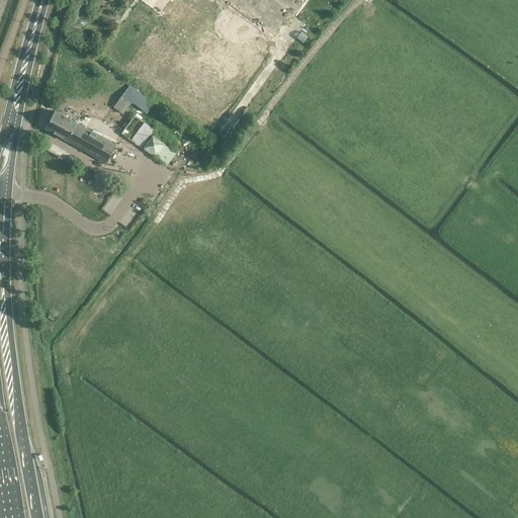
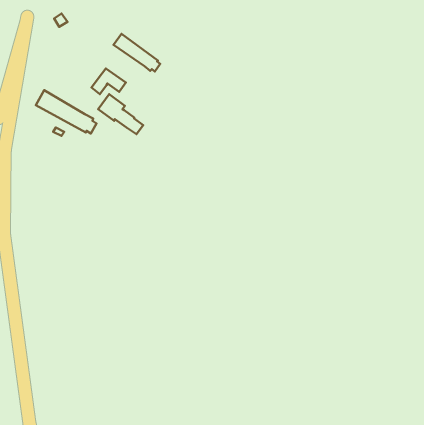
building: none -> [113,34,160,71]

